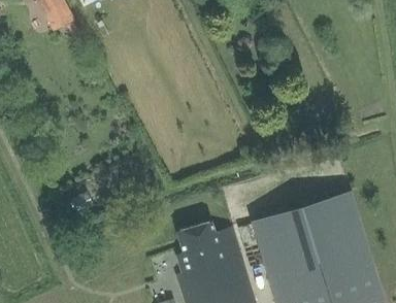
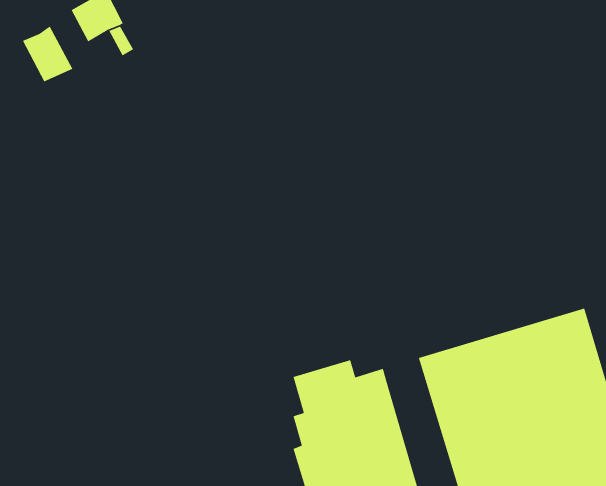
building: none -> [22,26,74,82]

